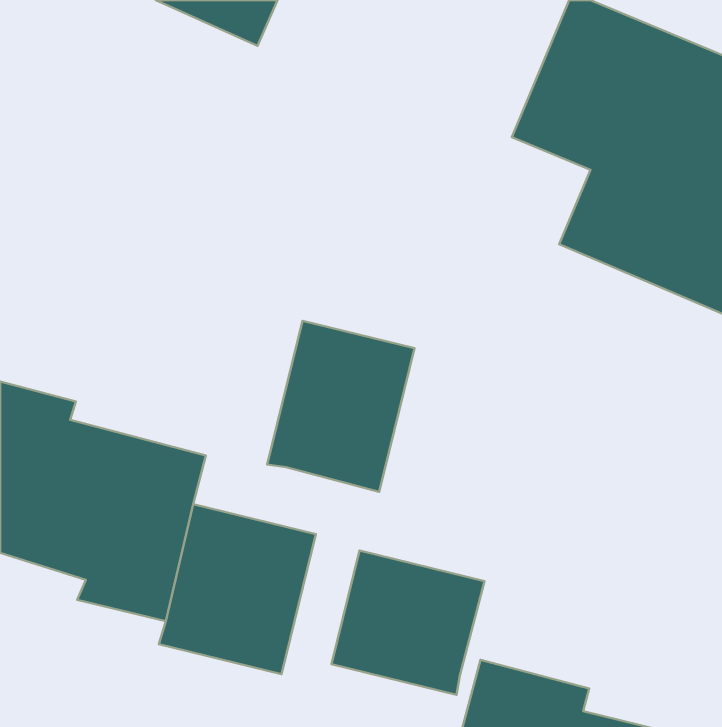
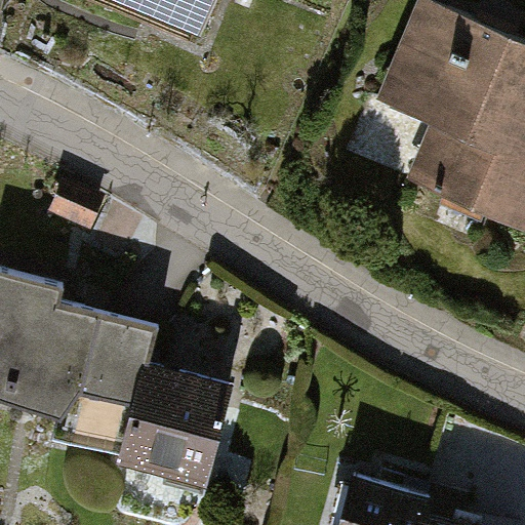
building: [267,321,414,492] -> none
building: [332,550,484,695] -> none

